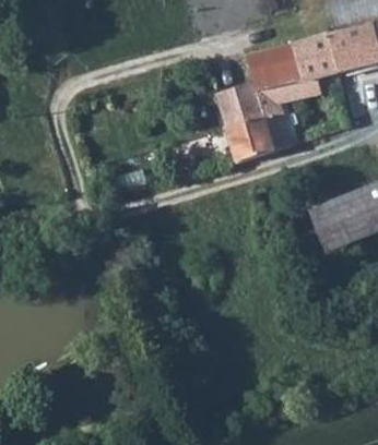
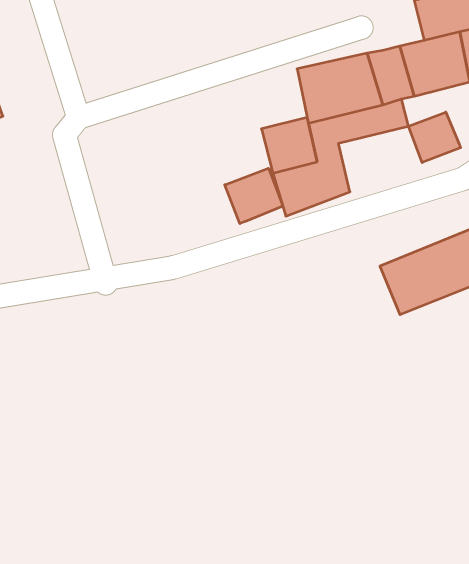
building: none -> [408,112,461,163]
building: none -> [225,168,283,224]

